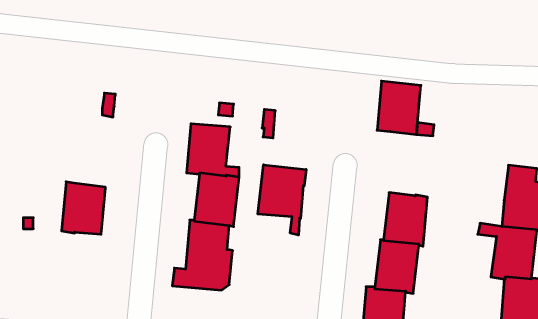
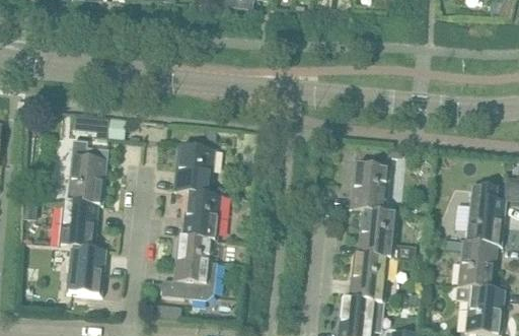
building: [377,81,421,135] -> [349,161,389,211]
building: none -> [67,139,107,204]
building: [258,165,306,235] -> none
building: none -> [65,245,105,293]

